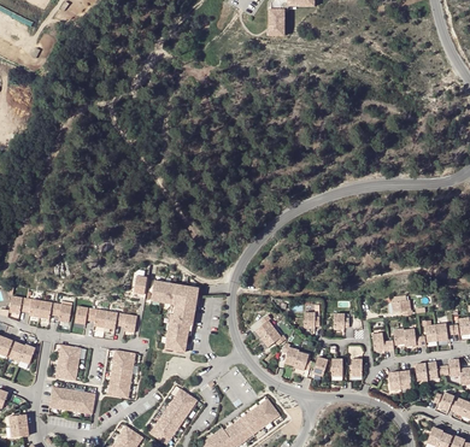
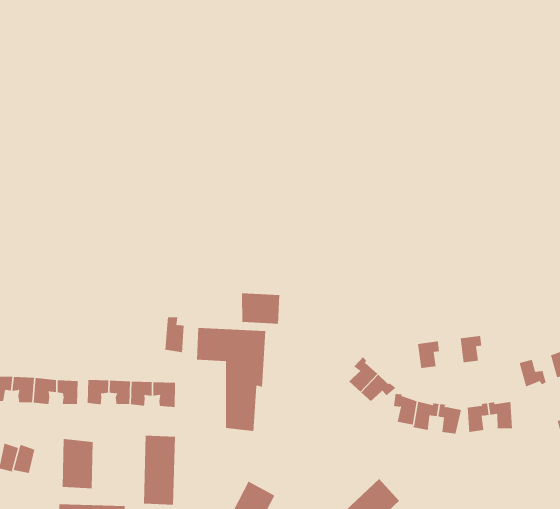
building: none -> [242,292,280,324]

